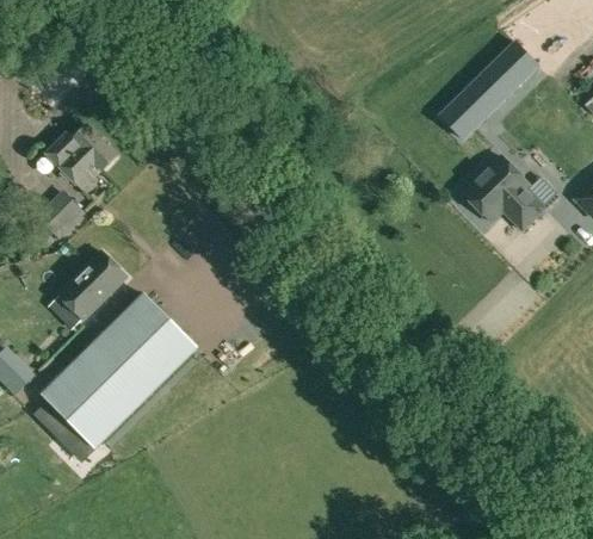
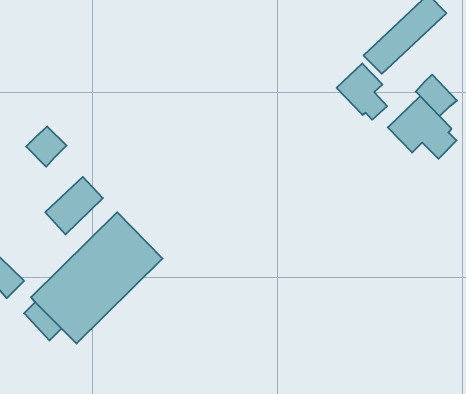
building: none -> [337,63,387,120]
building: [44,126,119,193] -> none
building: none -> [416,75,457,116]

